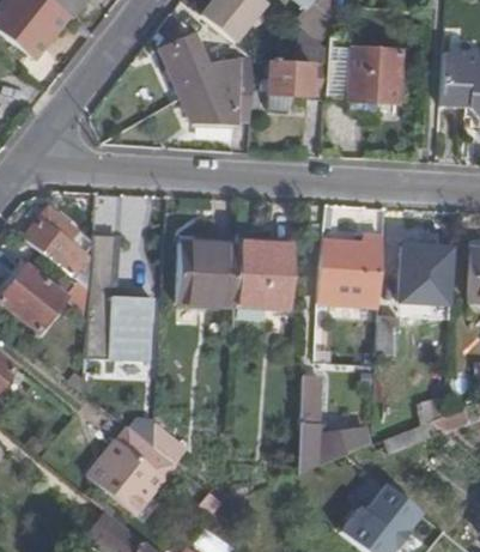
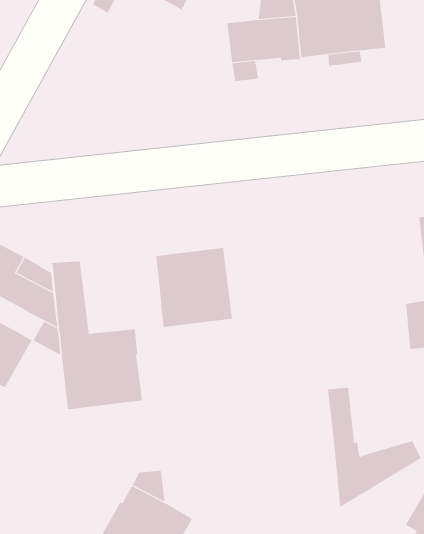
building: [160,34,254,121] -> none
building: [317,236,382,308] -> none
building: [233,241,293,327] -> none

